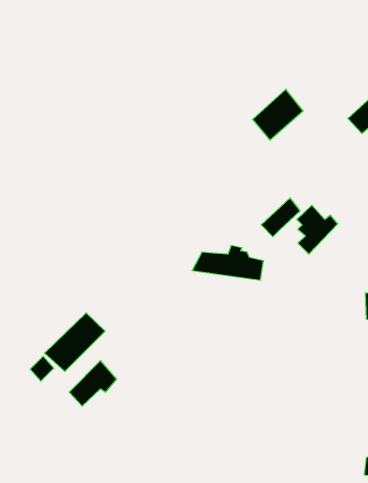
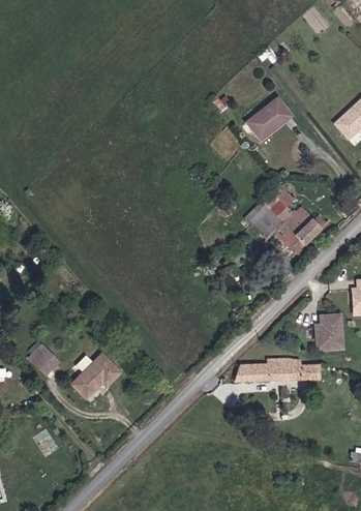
building: [192,246,264,280] -> [234,355,302,388]
building: [45,313,105,372] -> none
building: none -> [314,312,340,347]

